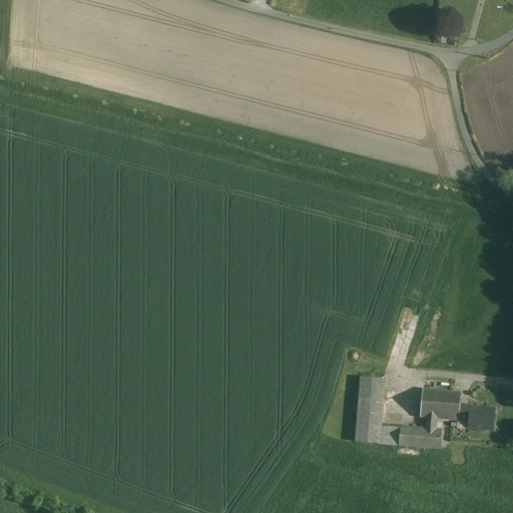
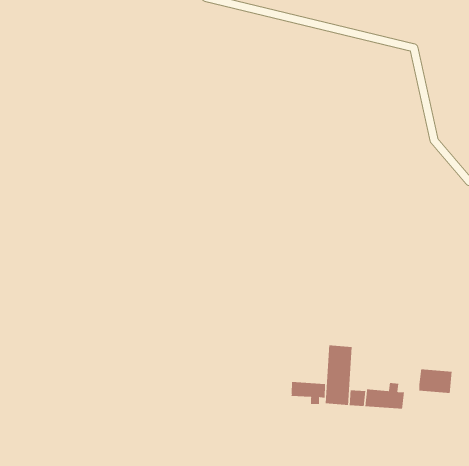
building: [420,387,460,420] -> none
building: none -> [291,381,326,405]

